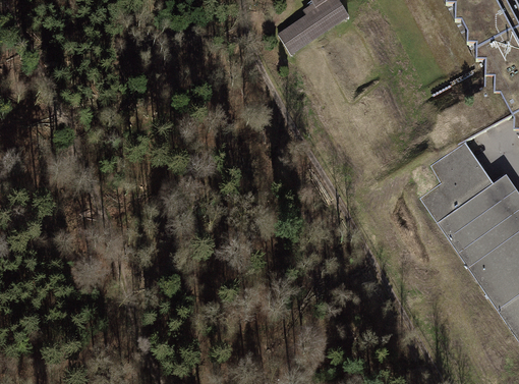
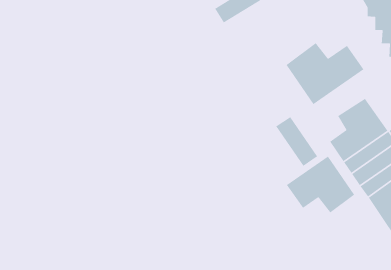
building: none -> [286,42,364,105]
building: none -> [275,116,318,167]
building: none -> [286,155,355,213]

